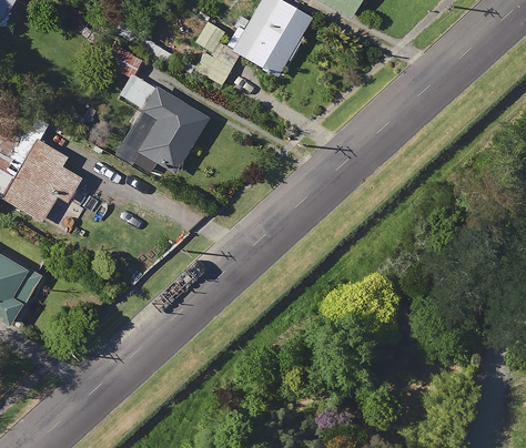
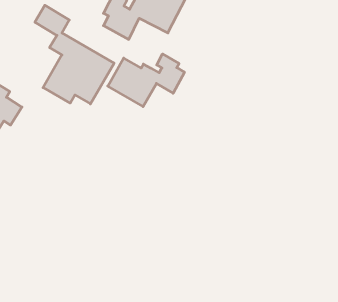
building: none -> [108,54,184,107]

